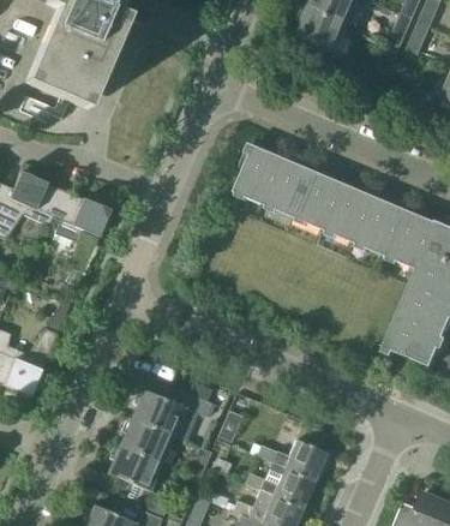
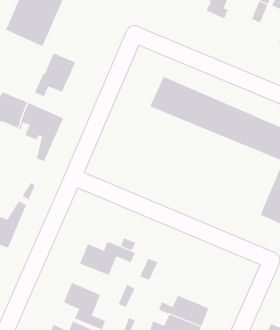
building: none -> [34,53,76,97]
building: [120,417,174,461] -> none
building: [256,437,330,480] -> none

